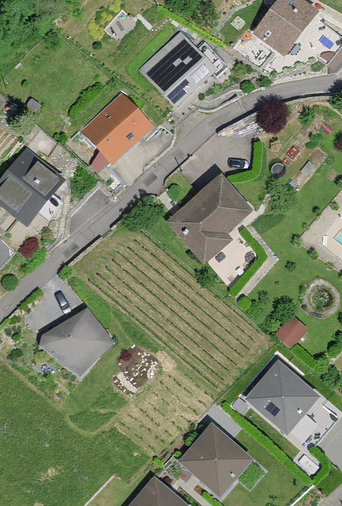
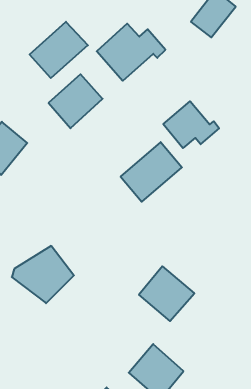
building: none -> [30,22,88,78]
building: none -> [163,101,219,148]
building: [249,364,317,431] -> [139,266,194,321]

